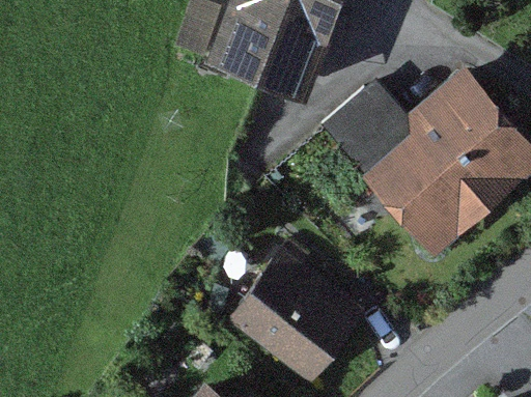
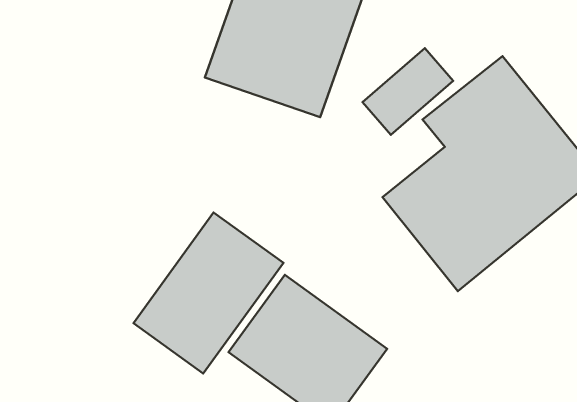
building: none -> [133,213,284,374]

